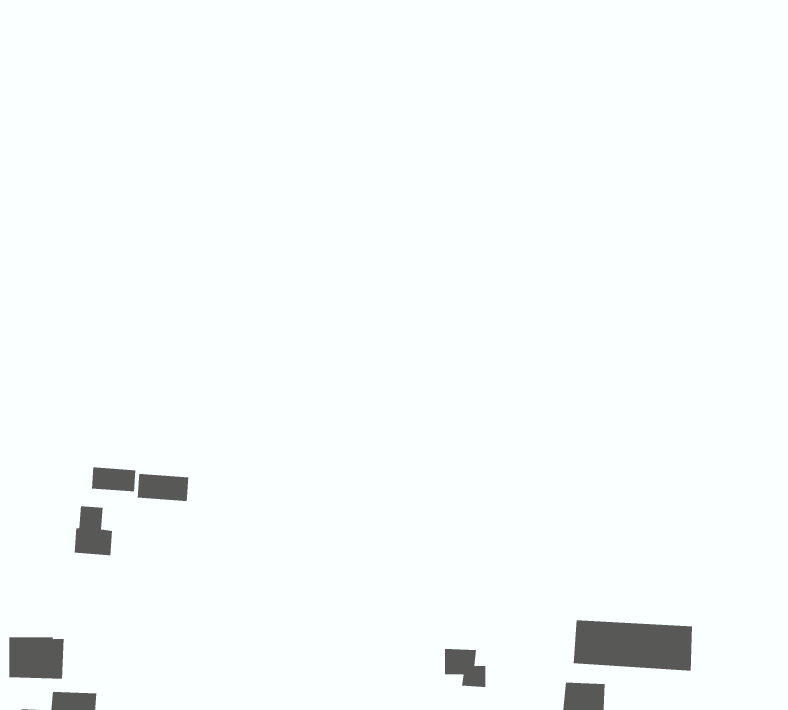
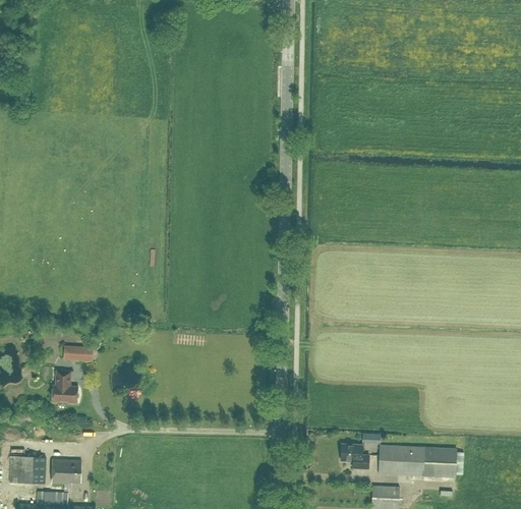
building: [137,473,189,502] -> none
building: none -> [51,459,81,485]
building: [444,648,486,687] -> [341,444,368,469]

